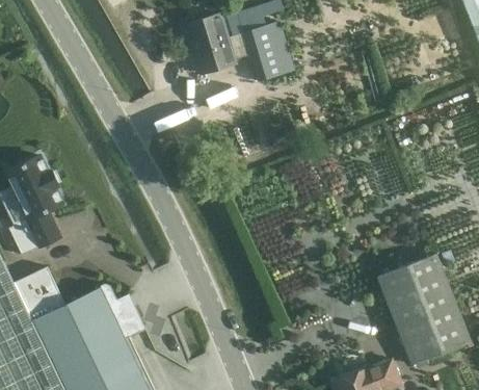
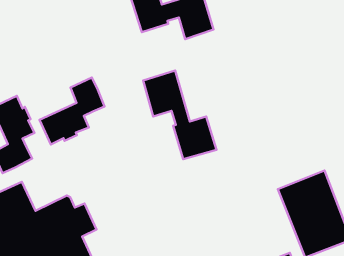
building: none -> [143,71,216,159]
building: none -> [40,78,104,144]

